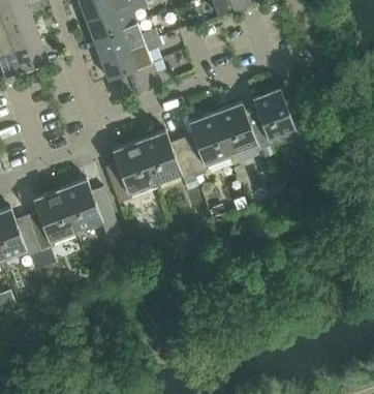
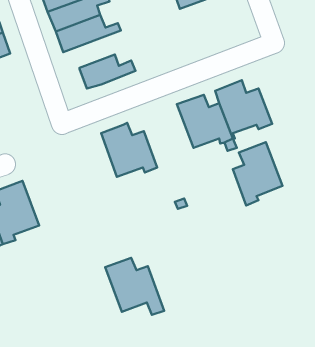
building: [100,38,161,81] -> none
building: [181,112,230,175] -> [233,142,282,205]
building: [104,141,154,204] -> none
building: [60,179,119,236] -> [105,258,164,315]

